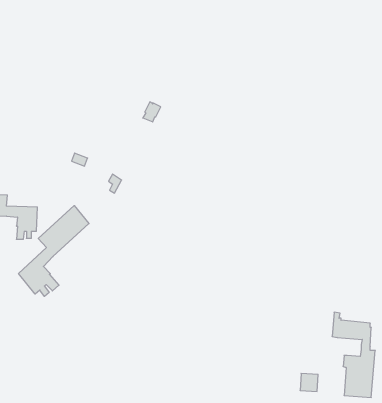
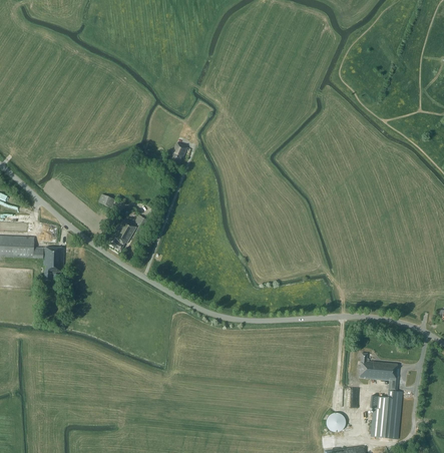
building: none -> [111,219,136,251]
building: [19,206,89,296] -> none

